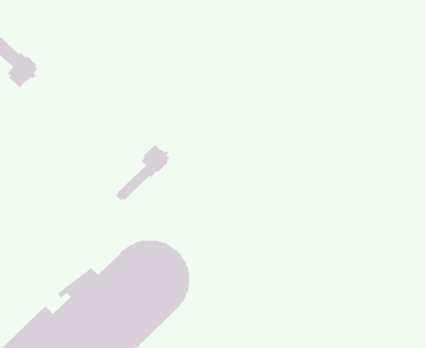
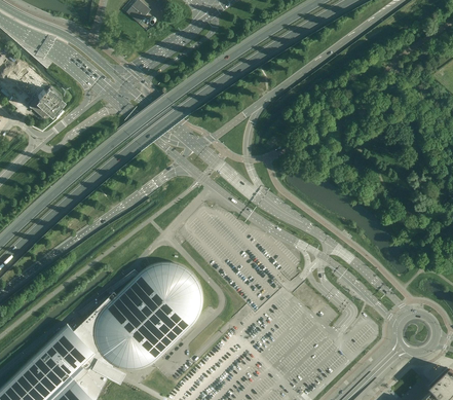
building: [115,144,170,202] -> none

